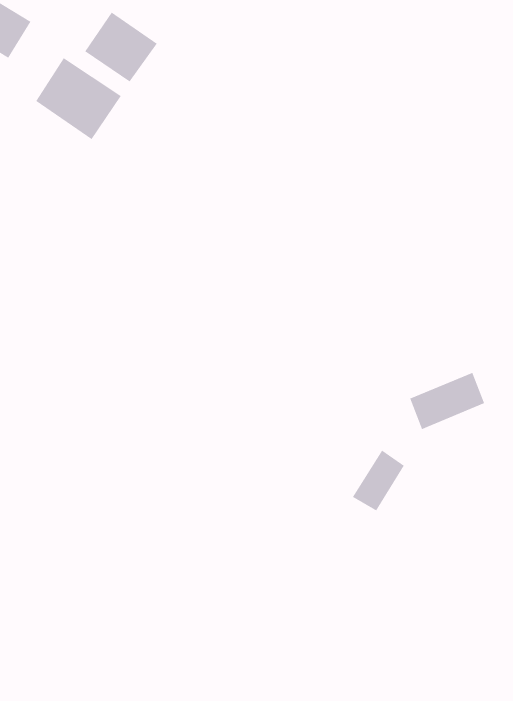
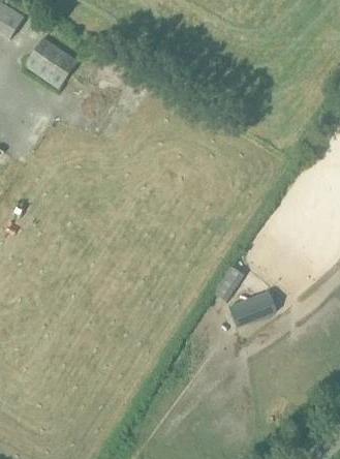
building: [84,11,158,82] -> none
building: [409,372,485,430] -> [230,293,275,327]

